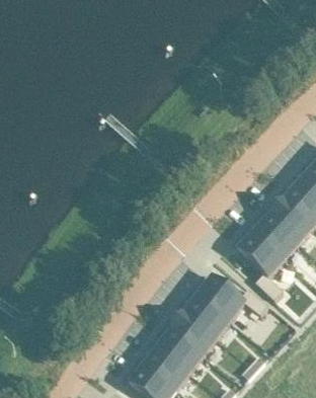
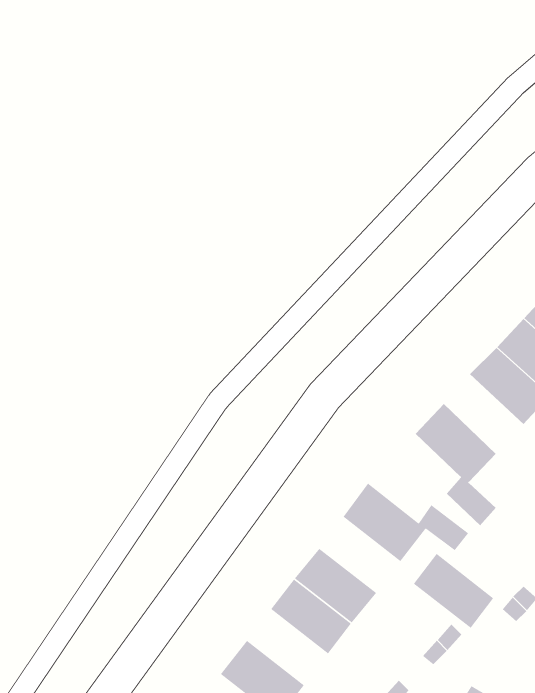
building: [254,213,299,257] -> none
building: [184,293,230,335] -> [413,553,494,629]
building: [144,344,189,387] -> none

